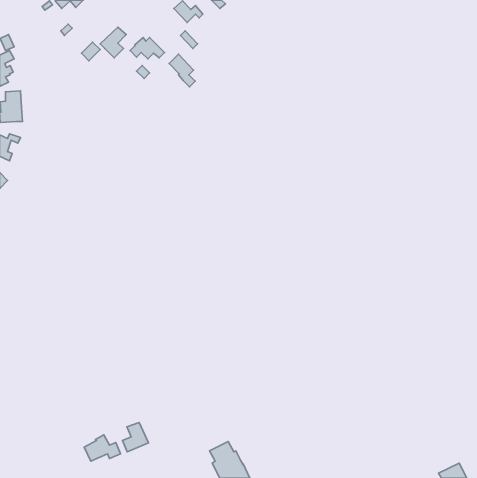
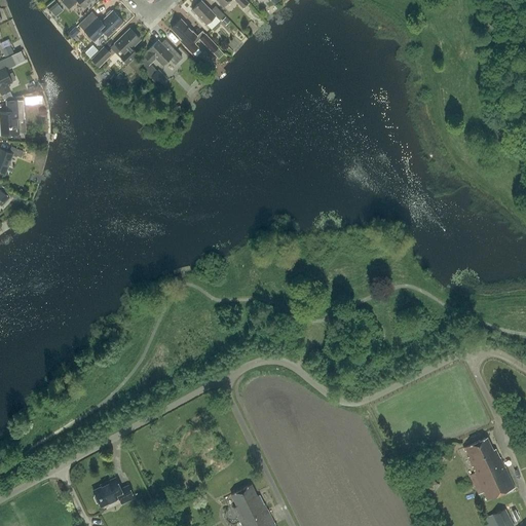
building: none -> [78,10,121,40]
building: [169,54,195,87] -> [170,18,198,54]
building: none -> [462,437,514,500]
building: [122,422,149,452] -> none

